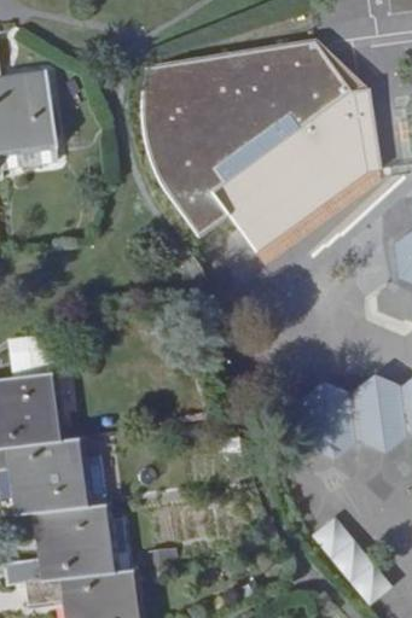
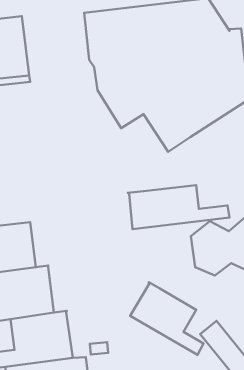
building: none -> [128,185,230,229]
building: none -> [130,282,203,355]

